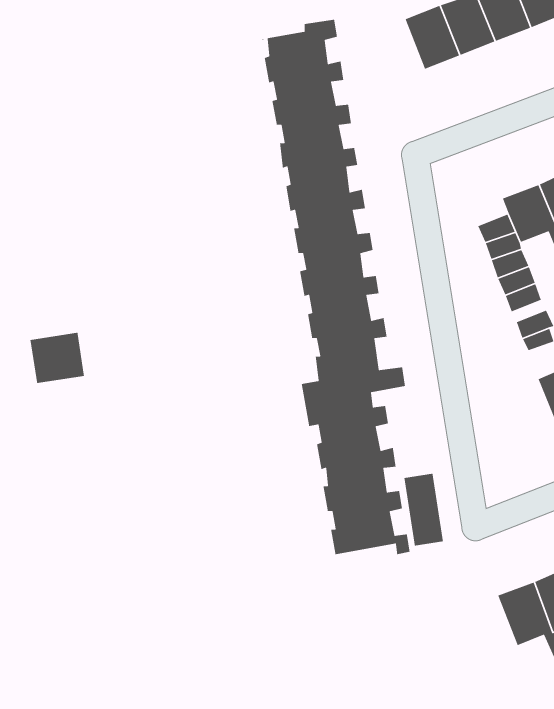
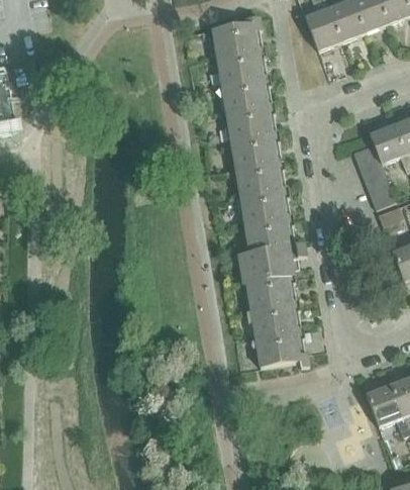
building: [30,332,85,384] -> none
building: [404,473,444,546] -> none

